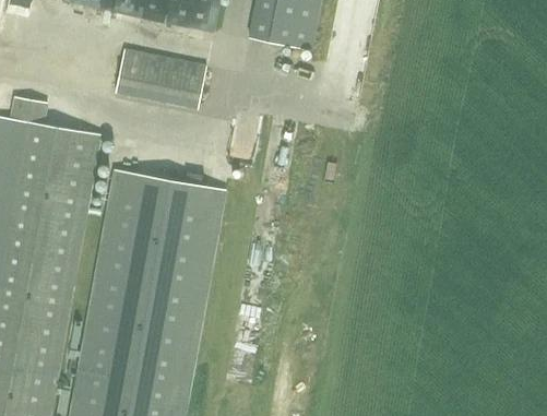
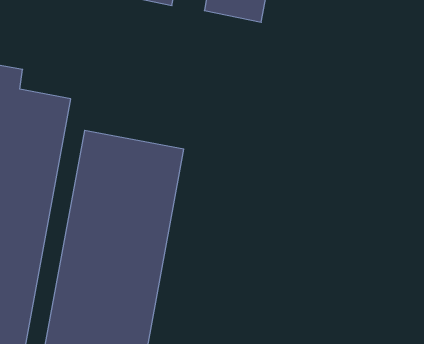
building: [115,49,205,109] -> none

